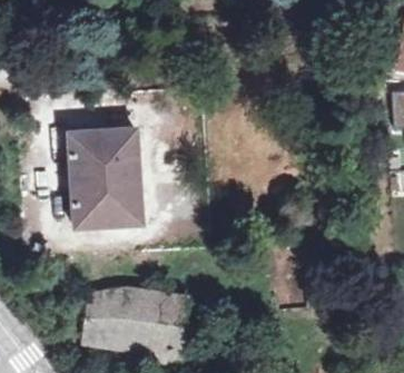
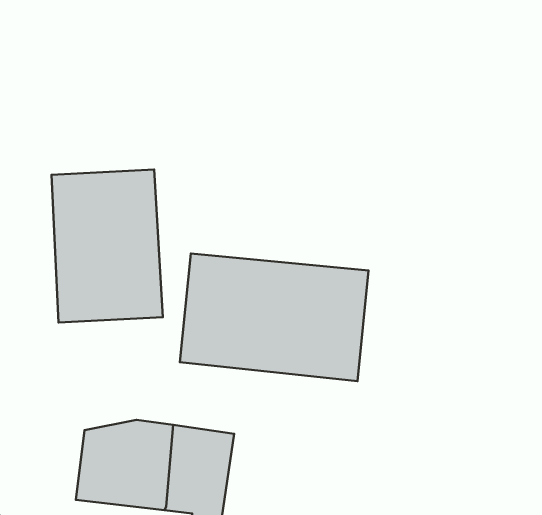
building: none -> [180,253,369,381]

